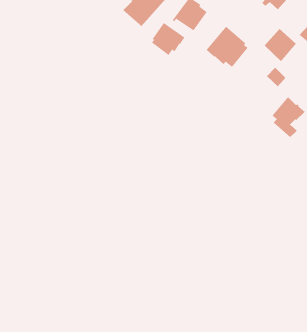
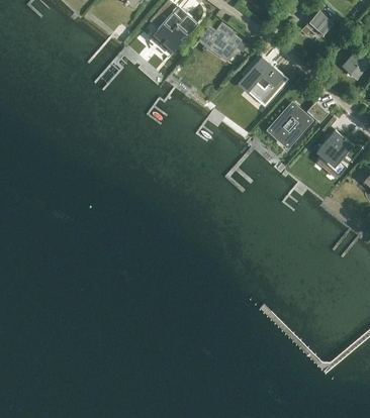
building: [151,22,185,56] -> none
building: [264,28,297,62] -> [275,103,311,140]

